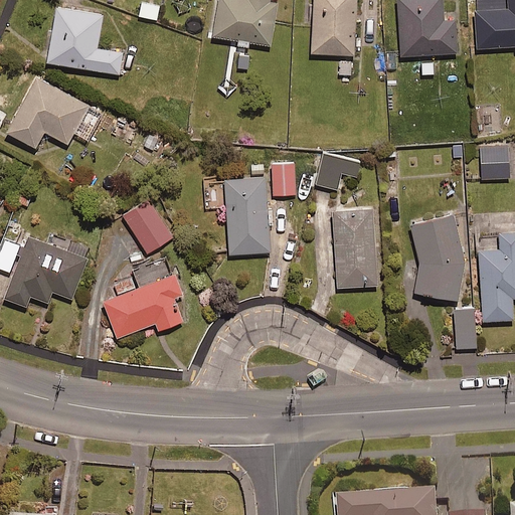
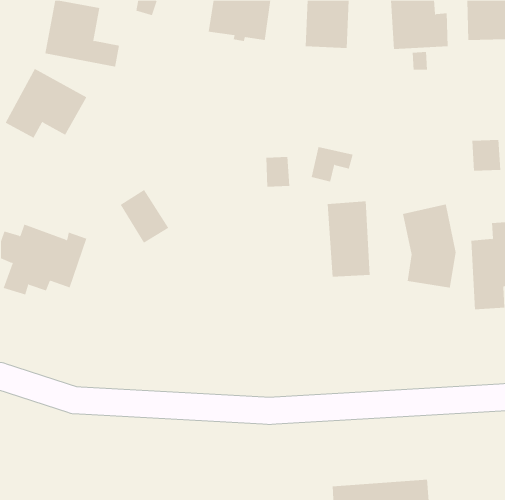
building: [209,176,274,253] -> none
building: [103,273,183,337] -> none
building: [454,309,476,349] -> none

